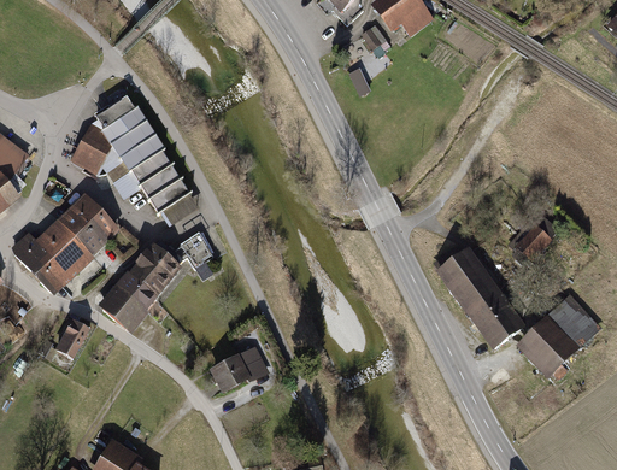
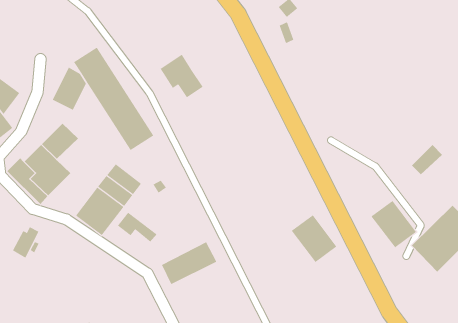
building: none -> [160,54,203,98]
building: [75,211,119,254] -> none
building: [183,233,213,263] -> none
building: [436,248,494,309] -> [291,215,337,263]
building: none -> [117,212,157,242]
building: [55,319,89,359] -> [12,227,39,258]

